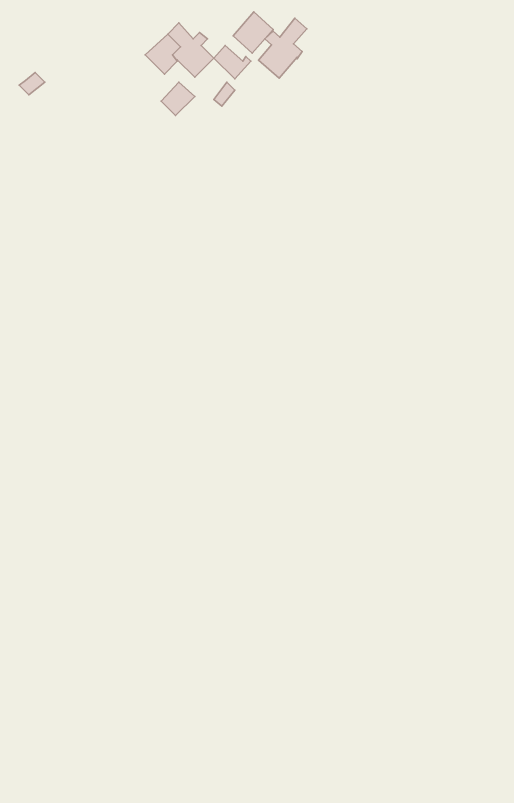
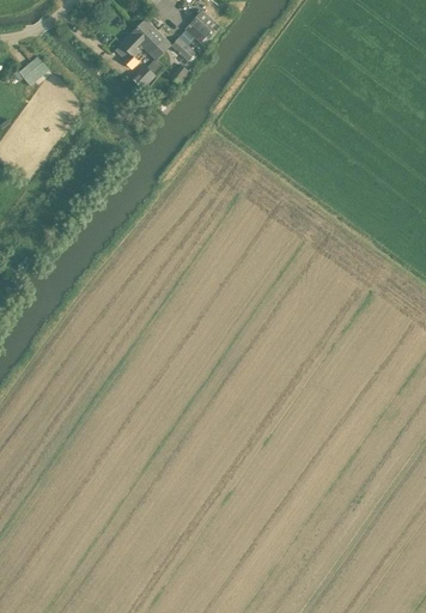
building: [258,18,307,78] -> none

